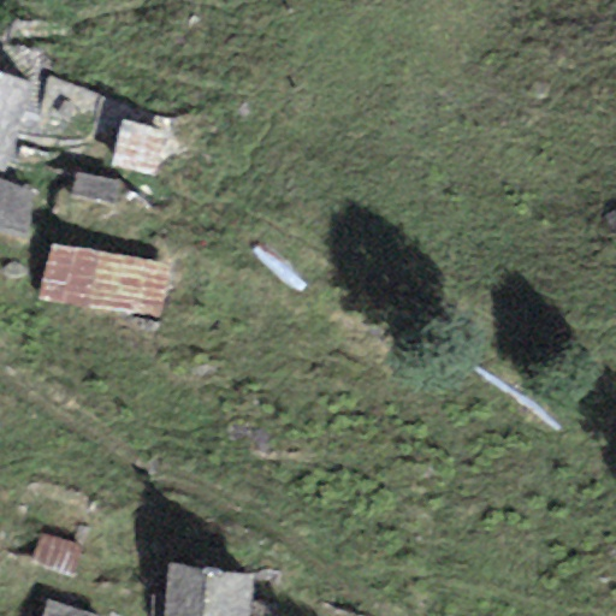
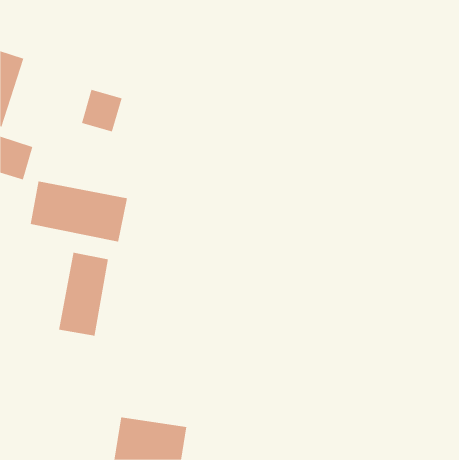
building: none -> [58,252,109,336]

